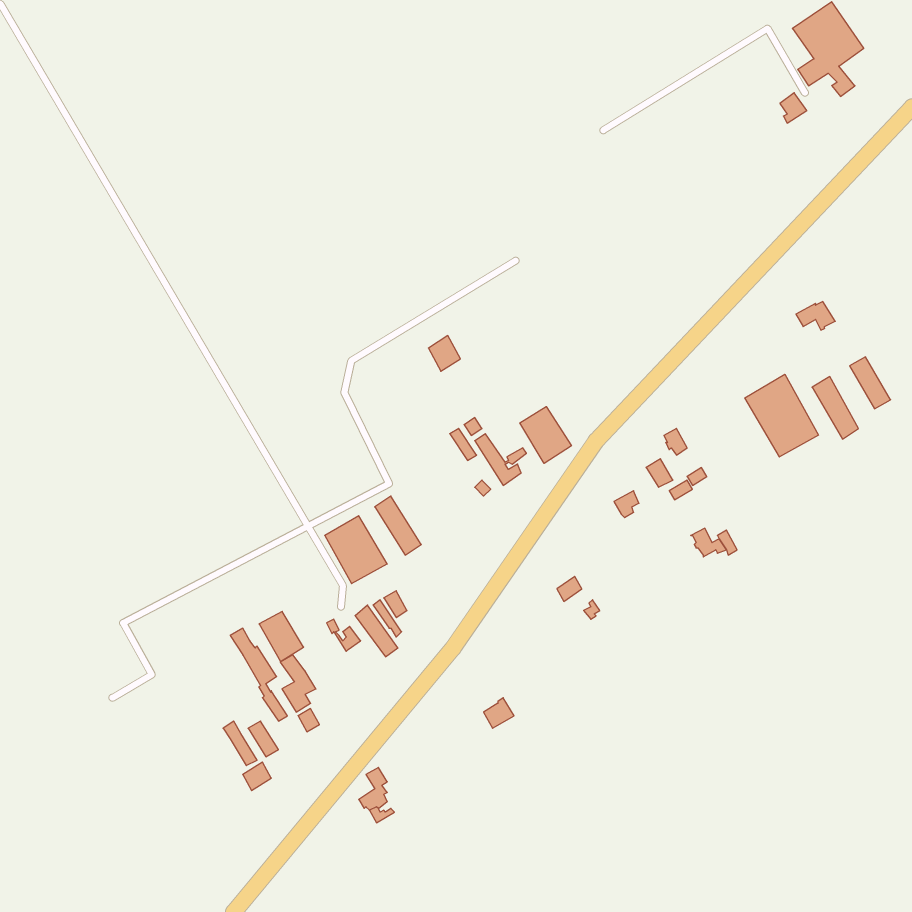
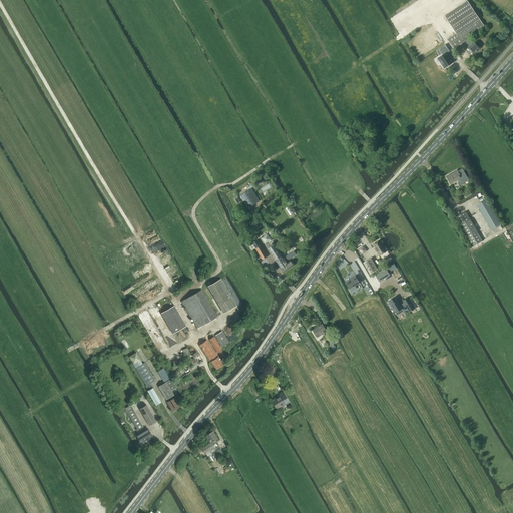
building: [745,374,818,457] -> none
building: [520,407,571,463] -> none
building: [259,611,304,661] -> [161,306,186,334]

